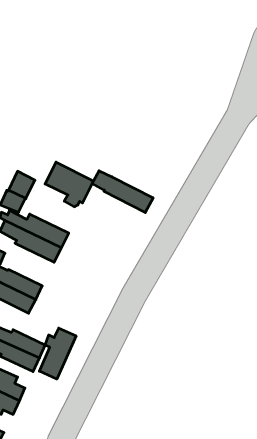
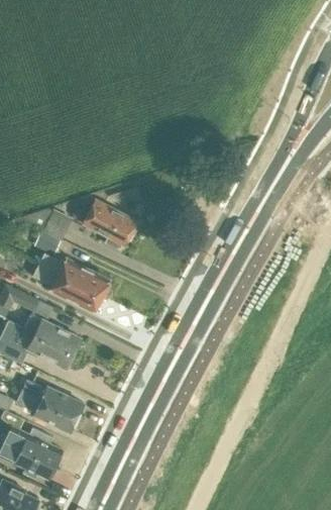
building: [92,171,153,213] -> none
building: [39,328,76,379] -> none

